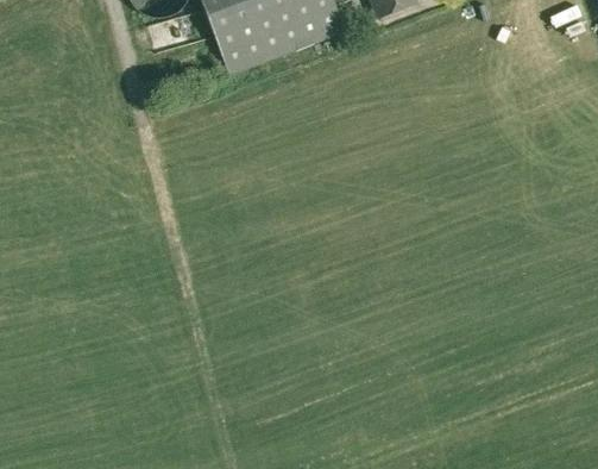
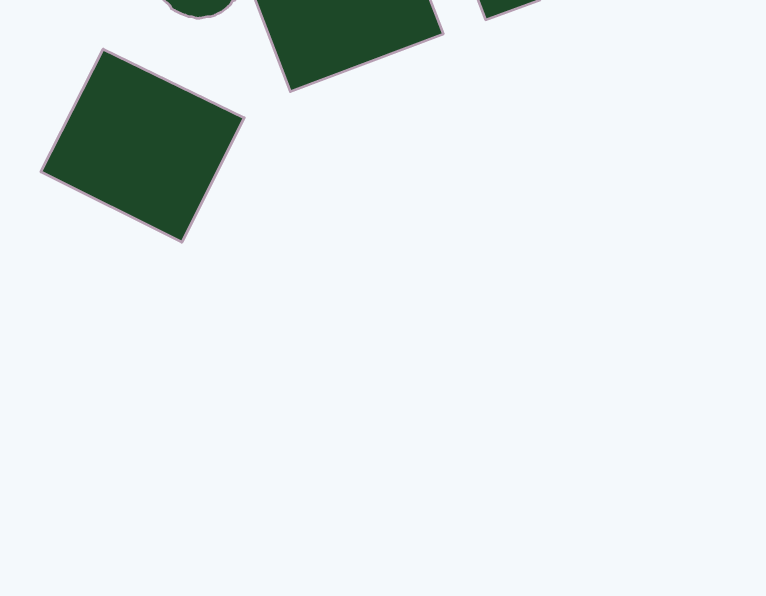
building: none -> [41,49,244,242]

